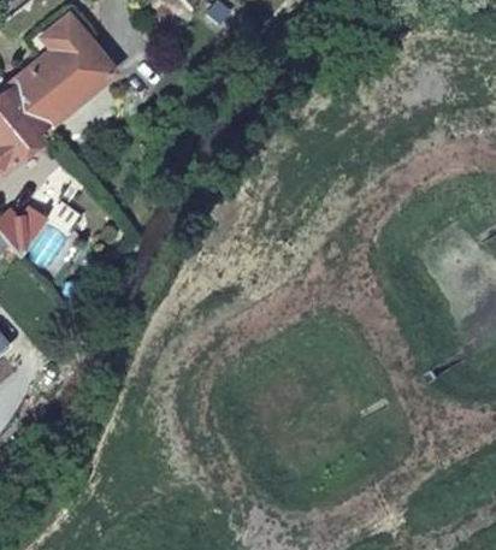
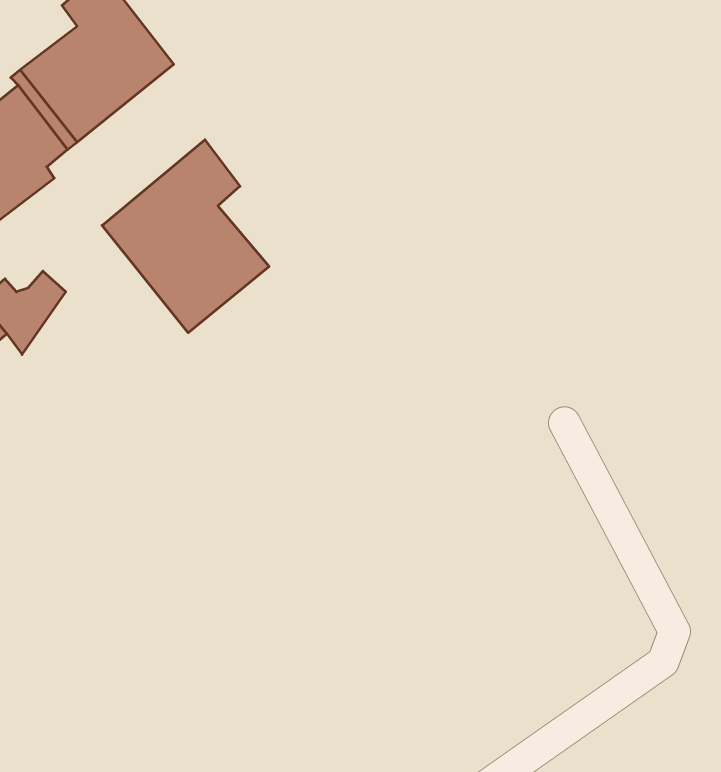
building: none -> [102,140,269,333]

